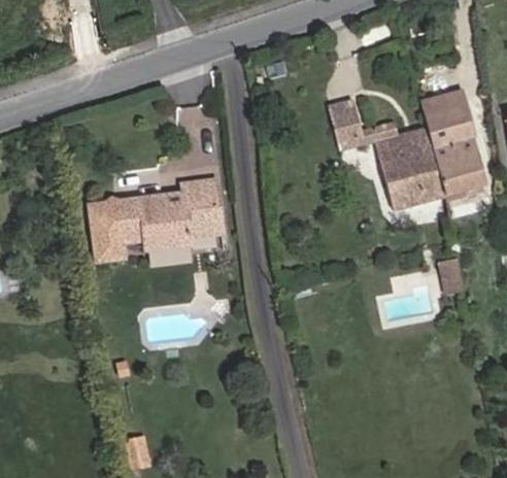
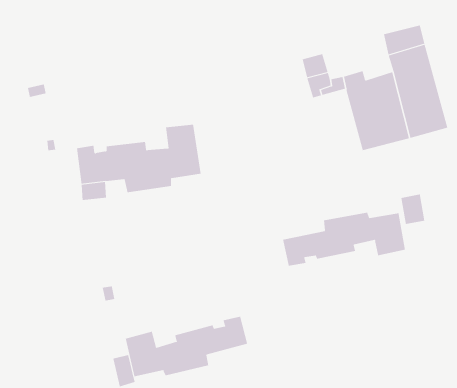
building: none -> [283,212,406,267]
building: none -> [125,316,248,377]

